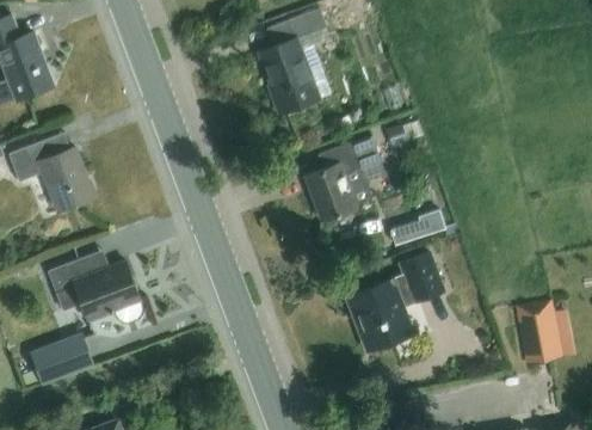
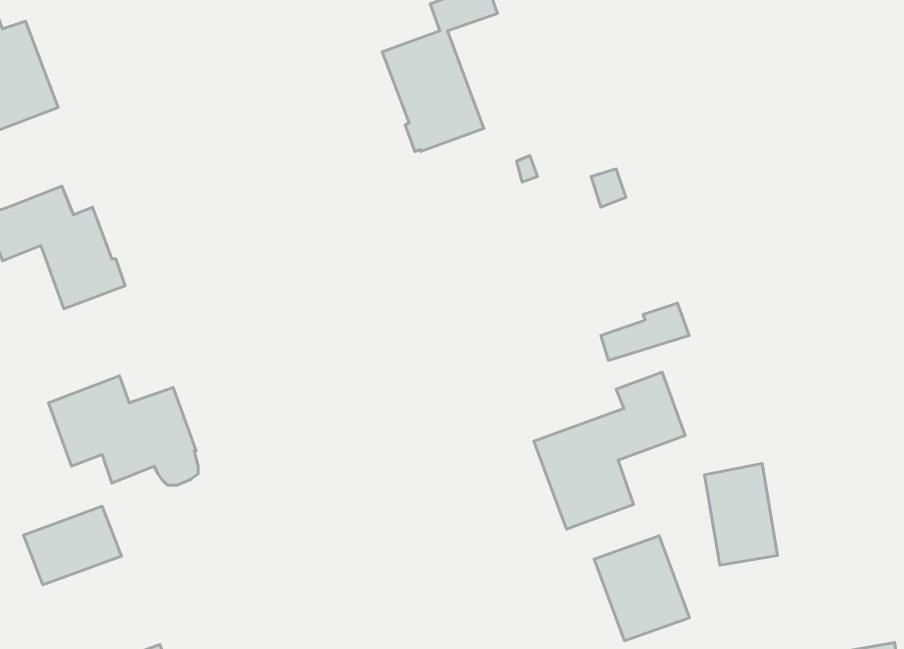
building: [306,135,383,221] -> none
building: [517,299,562,362] -> [704,463,777,565]
building: none -> [594,536,690,641]

